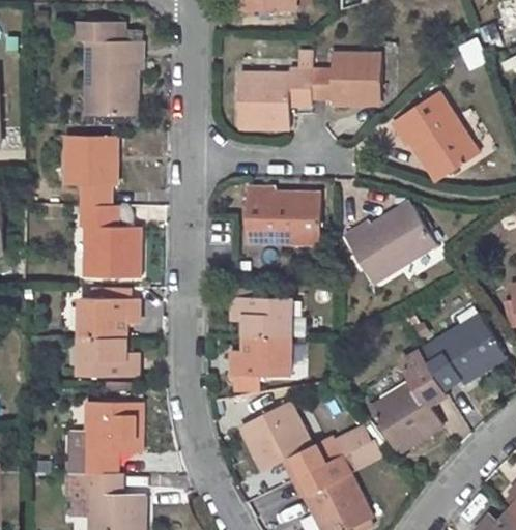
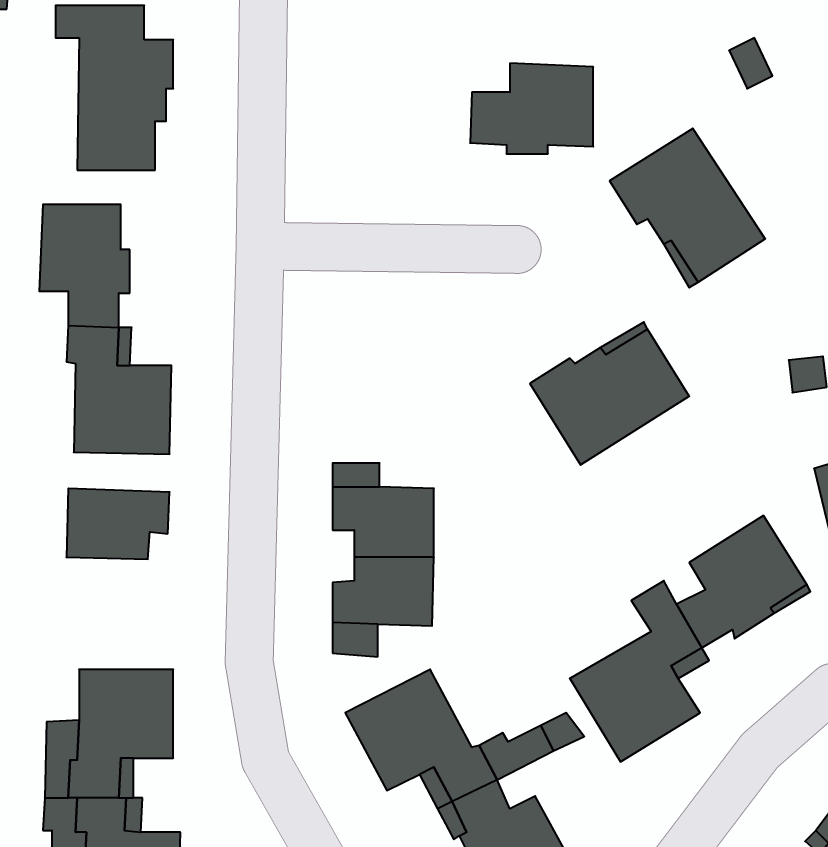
building: [238,70,312,128] -> none
building: [246,187,321,244] -> none
building: [79,336,138,376] -> none

